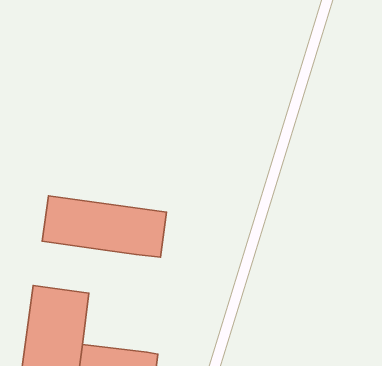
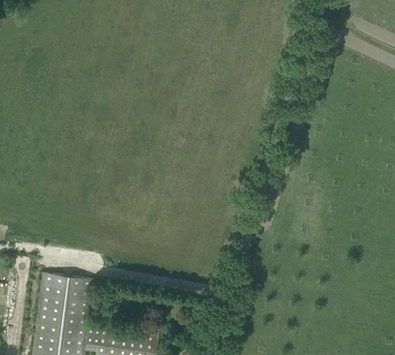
building: [42,196,167,257] -> none

